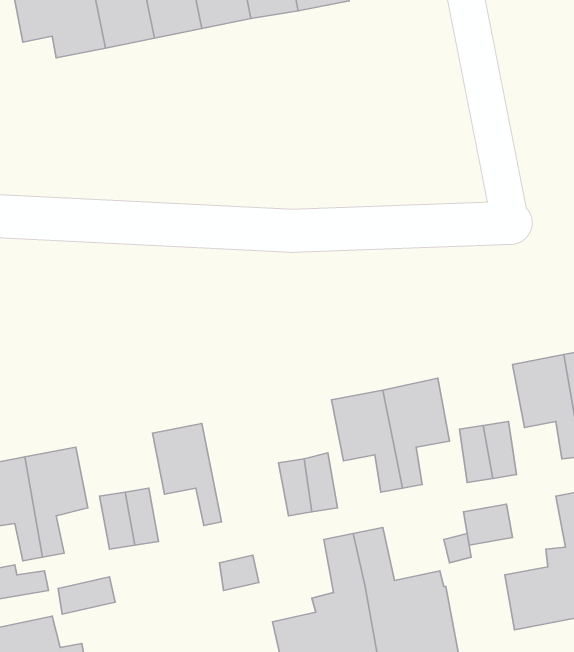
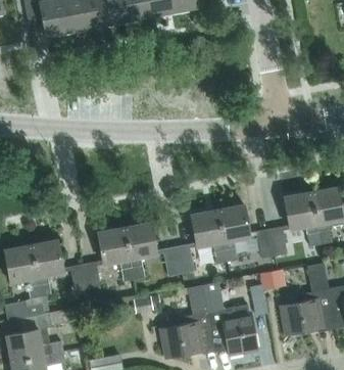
building: none -> [124,222,157,278]

